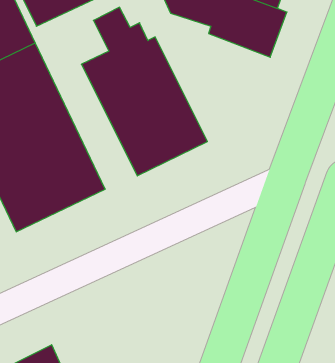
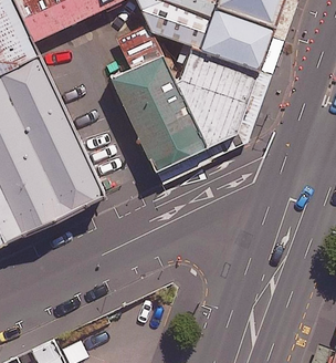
building: none -> [156,45,263,148]

